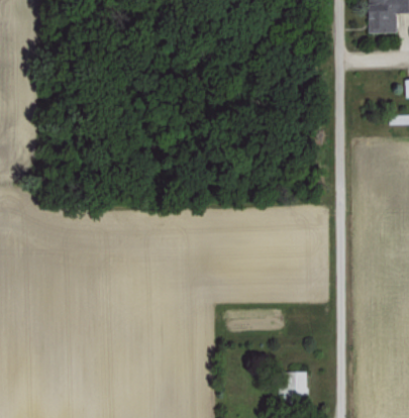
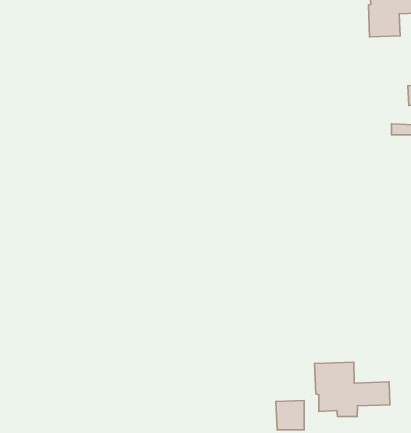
building: none -> [315,362,390,417]

